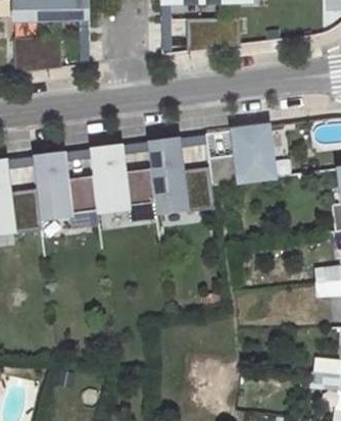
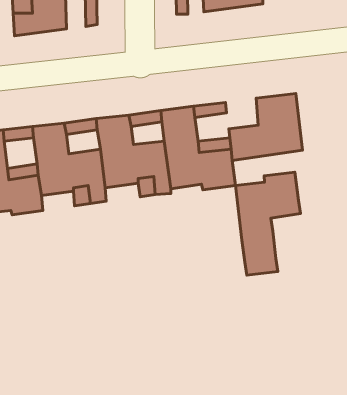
building: none -> [236,172,300,275]

